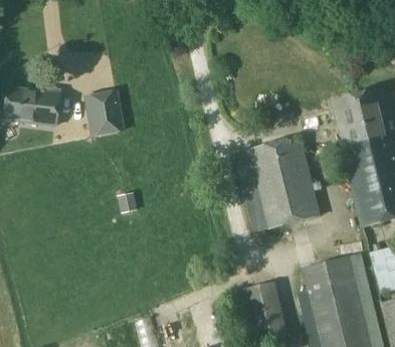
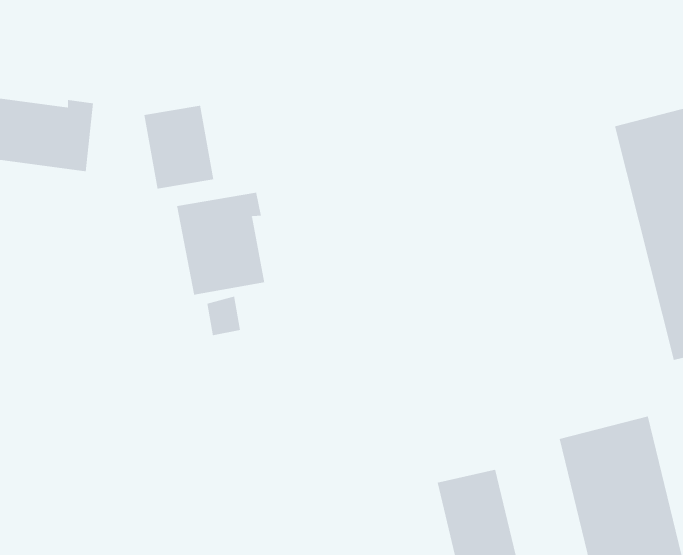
building: [236,136,323,230] -> none
building: none -> [177,192,265,296]

